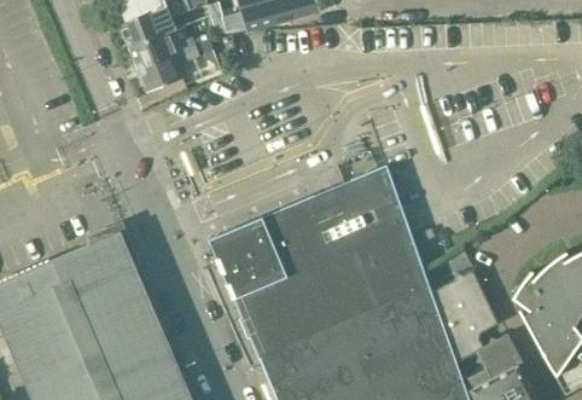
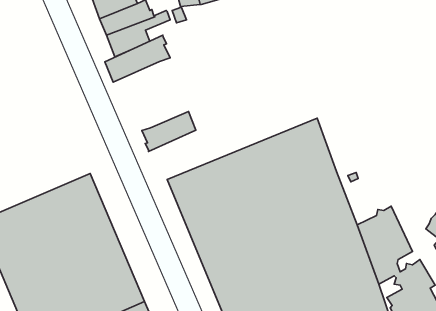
building: none -> [105,35,170,82]
building: none -> [142,111,196,152]

